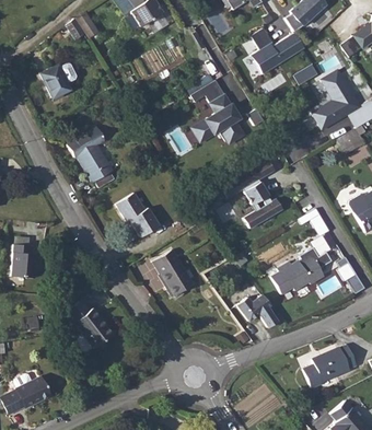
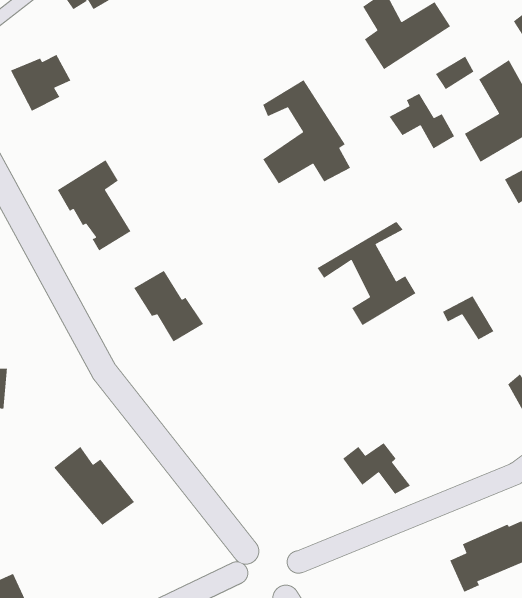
building: none -> [389,93,455,149]
building: [151,248,193,297] -> none
building: [269,251,332,295] -> none

